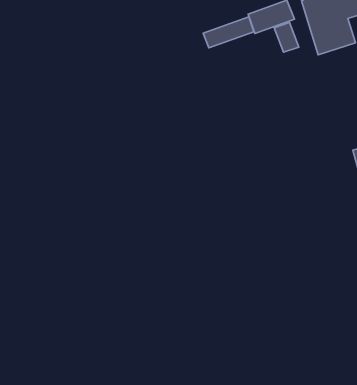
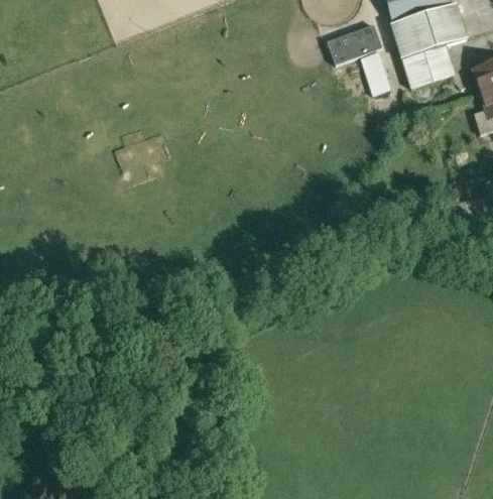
building: [203,17,254,48] -> none

